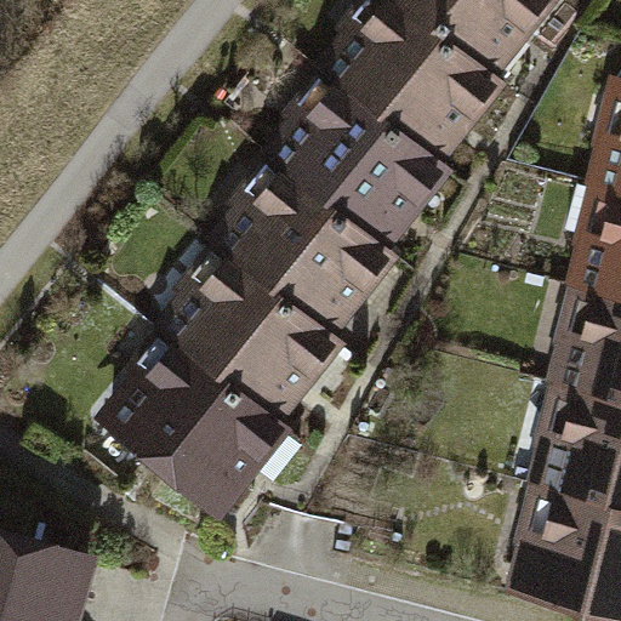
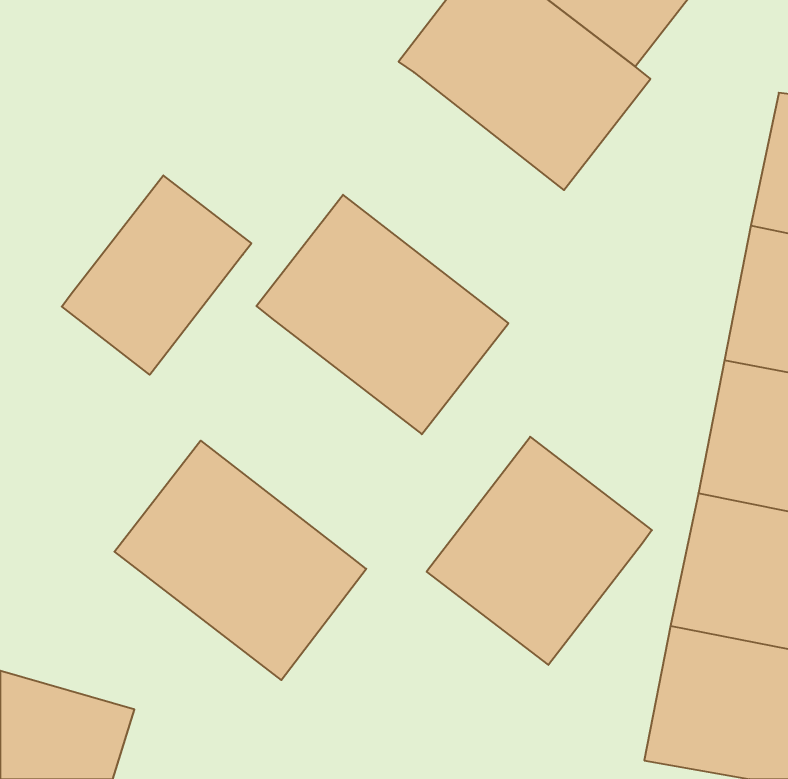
building: [258,57,456,245] -> none
building: none -> [62,175,251,375]
building: [147,250,346,438] -> none
building: none -> [427,437,652,665]

